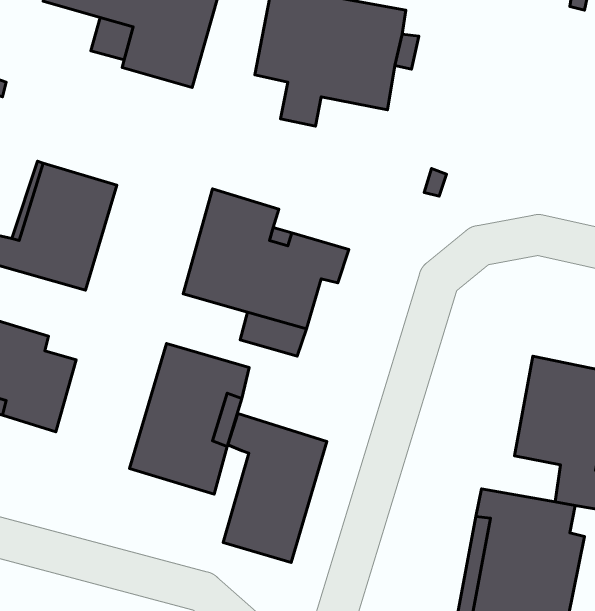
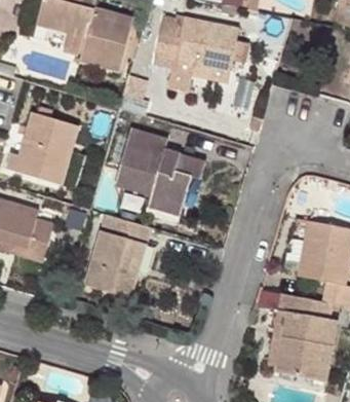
building: [223,414,327,562] -> none

